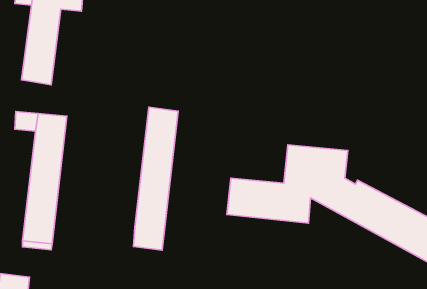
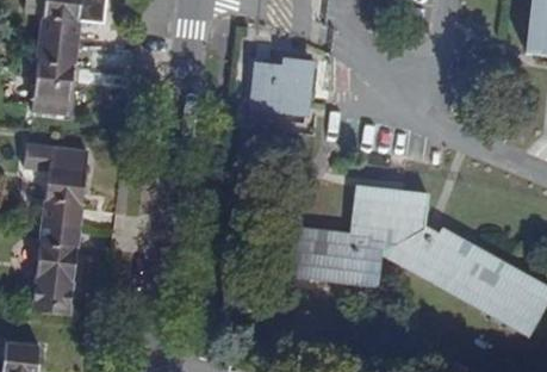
building: none -> [253,60,310,110]
building: [134,107,178,250] -> none

